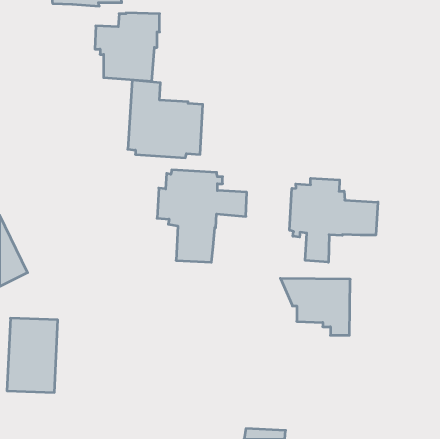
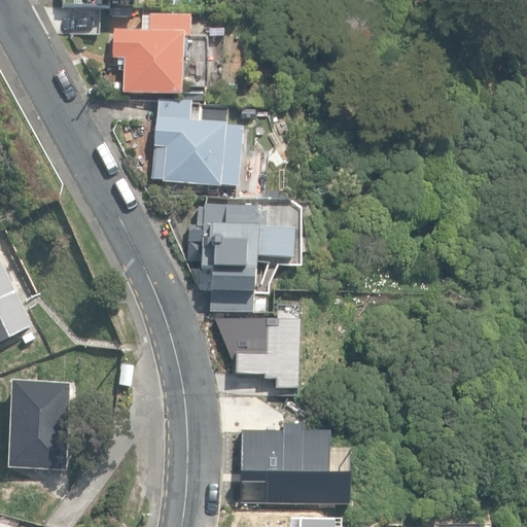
building: [290,178,378,262] -> none
building: [280,278,350,335] -> [213,316,296,384]
building: none -> [236,418,350,500]

